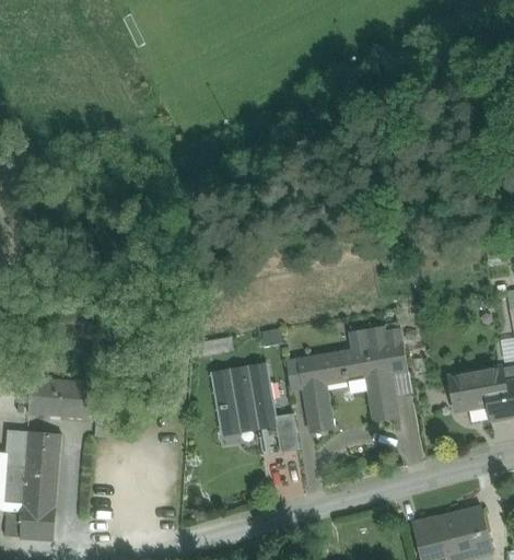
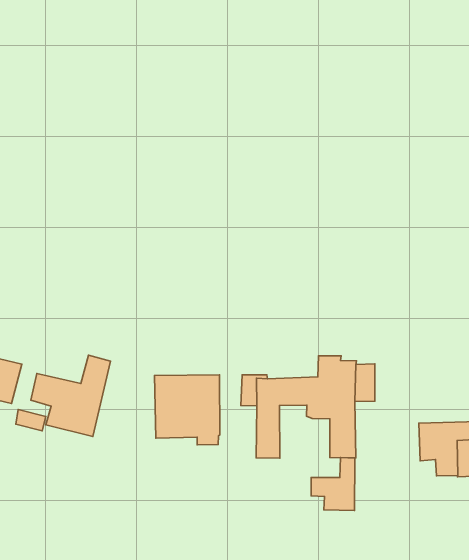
building: none -> [31,355,111,437]
building: [274,415,299,454] -> none
building: none -> [311,458,355,510]

